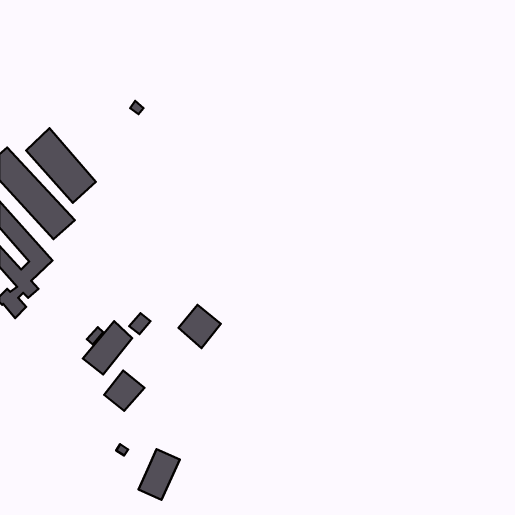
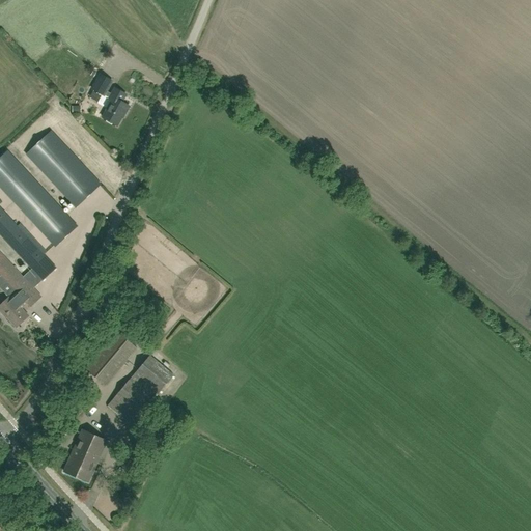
building: none -> [91,75,129,125]
building: [178,305,221,348] -> [134,348,177,393]
building: [138,449,180,500] -> [63,428,106,480]

